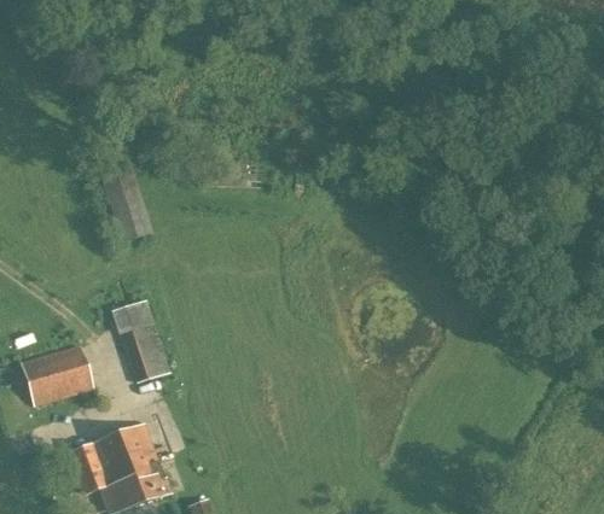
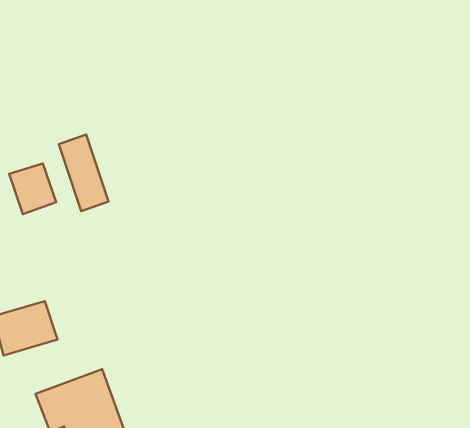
building: none -> [9,164,56,214]
building: [112,299,176,382] -> none

